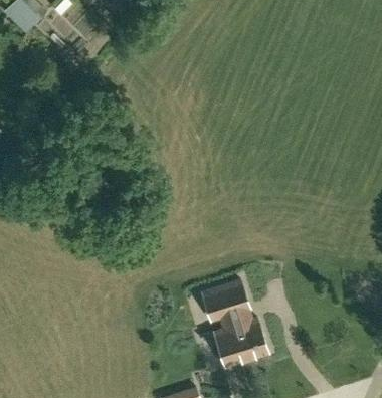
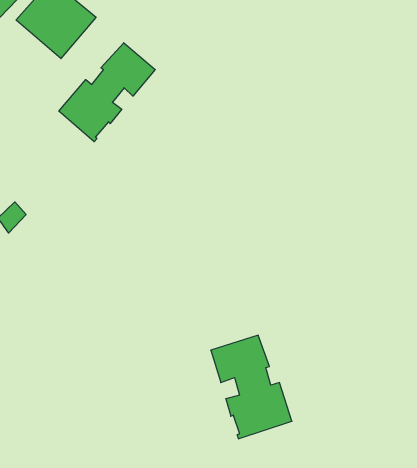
building: none -> [59,43,155,142]

